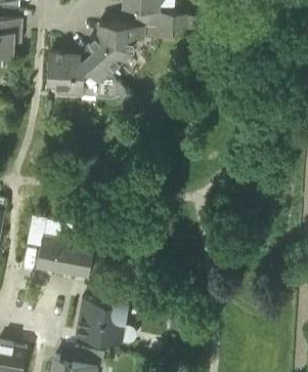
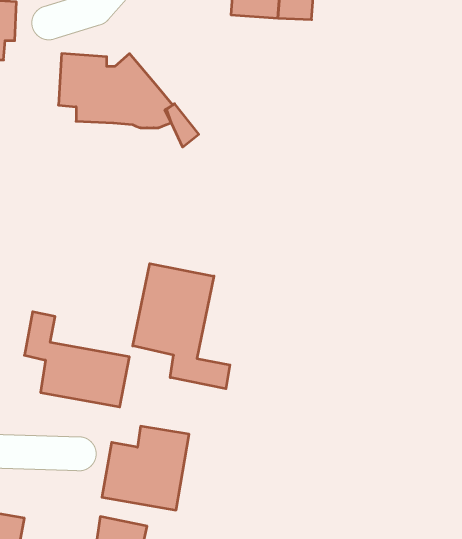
building: [87,24,152,73] -> none
building: none -> [133,264,230,389]

